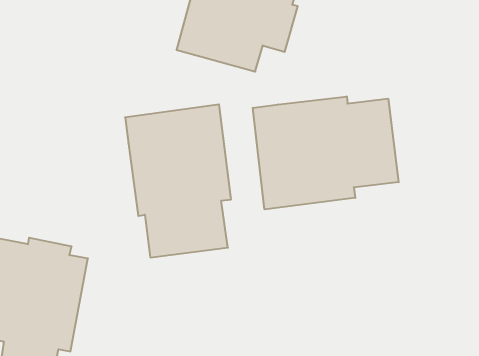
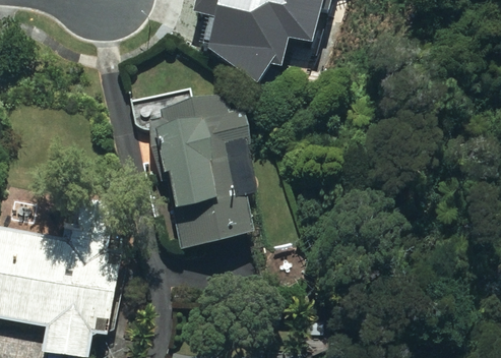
building: [253,96,399,209] -> none

